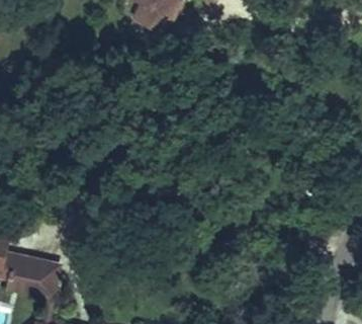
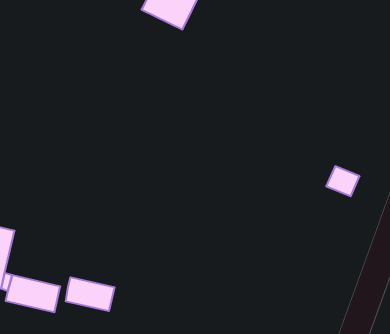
building: none -> [66,277,115,311]

